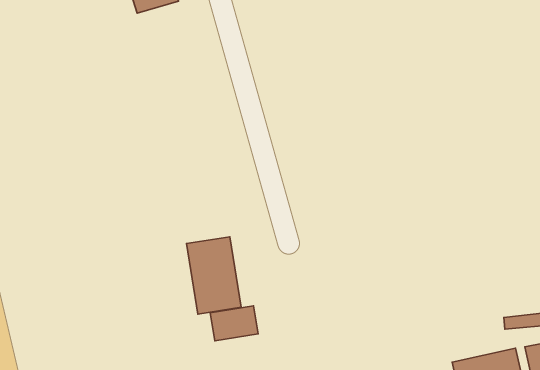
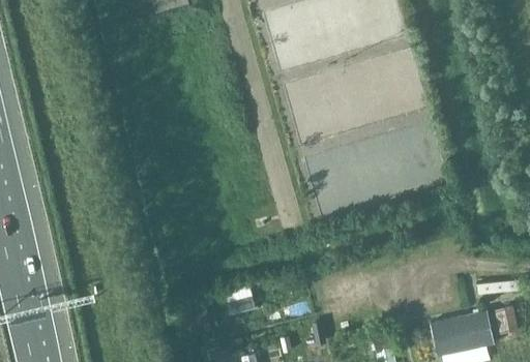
building: [186,237,241,314] -> none

